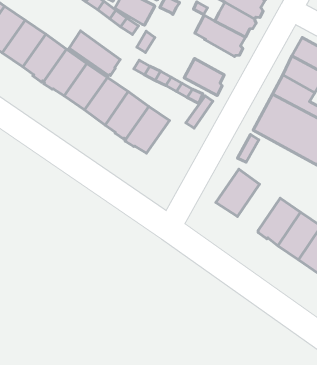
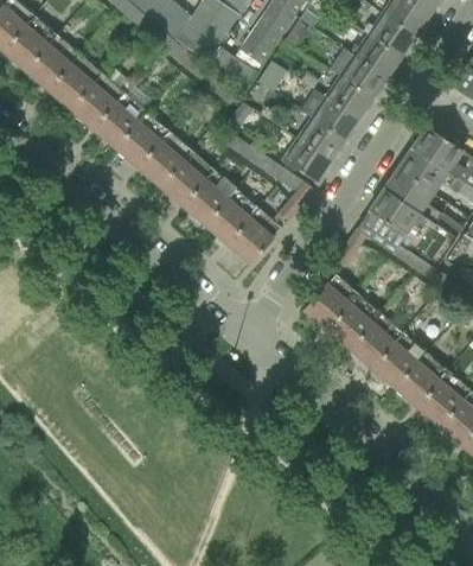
building: [69,31,120,76] -> none
building: none -> [296,117,345,161]
building: none -> [229,209,282,265]
building: none -> [328,294,381,349]

